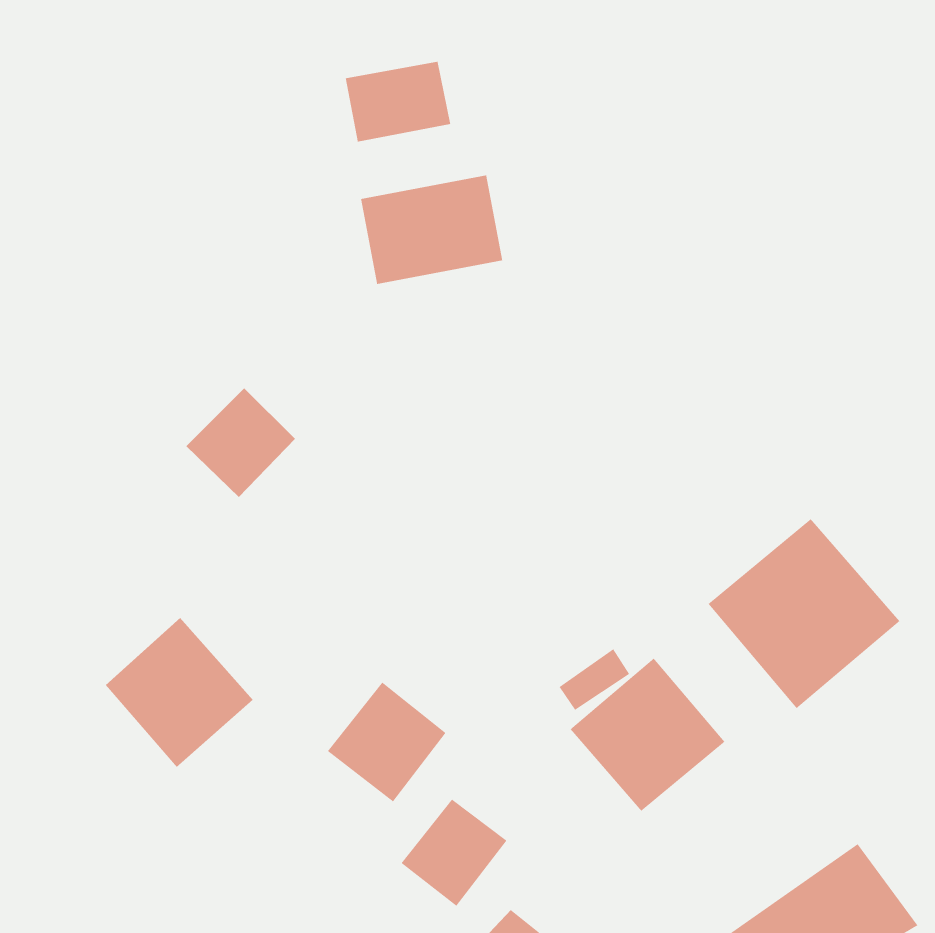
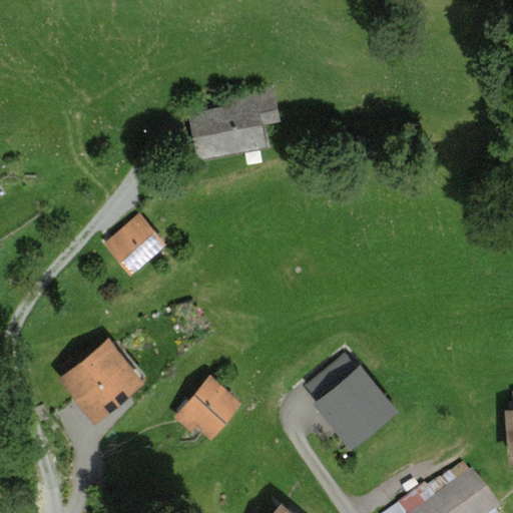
building: [345,61,451,143] -> none
building: [707,518,900,709] -> none
building: [401,799,507,907] -> none

